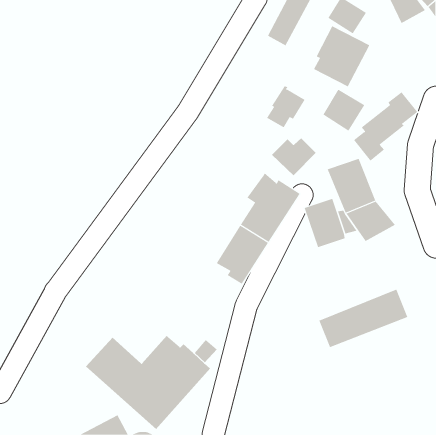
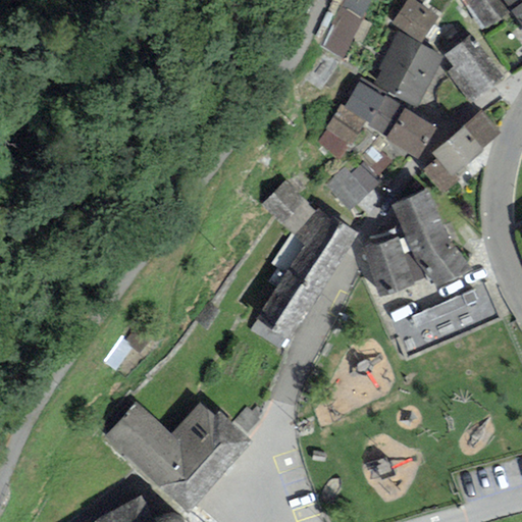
building: none -> [443,36,504,101]
building: none -> [343,82,404,135]
building: none -> [260,176,314,236]
building: [318,289,408,348] -> [392,285,499,356]

